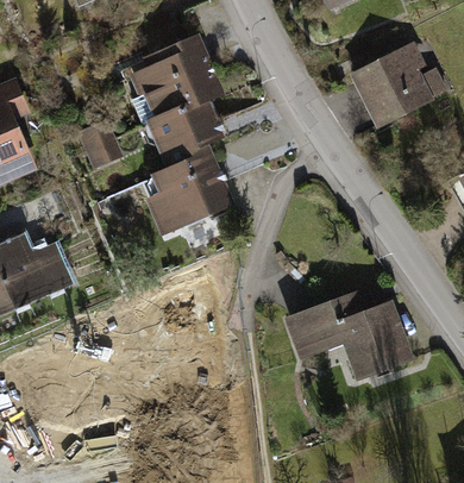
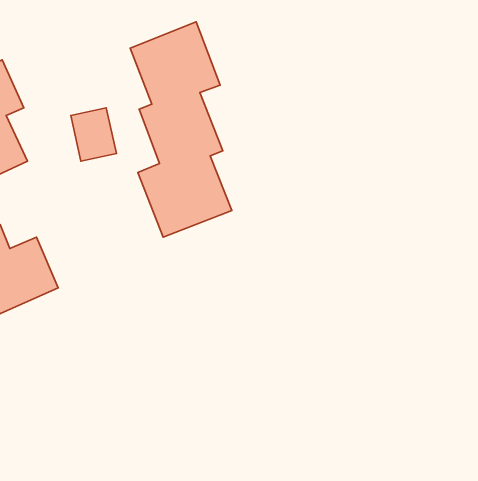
building: [350,45,428,119] -> none
building: [284,284,405,371] -> none

